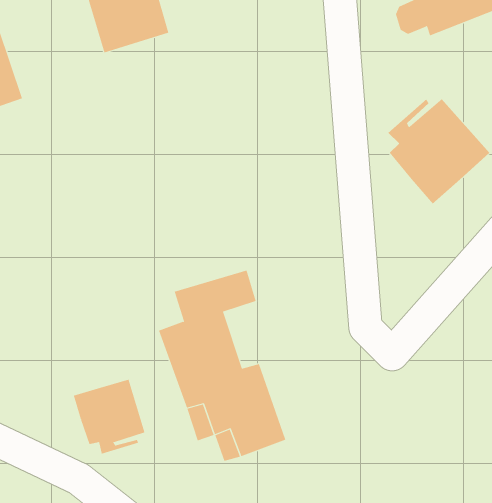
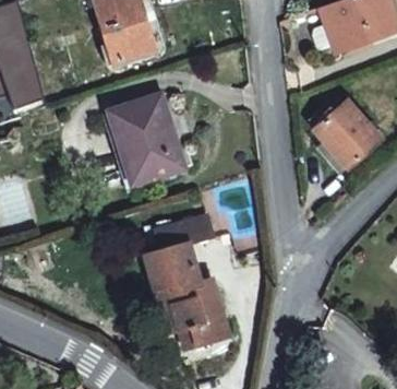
building: none -> [105,95,182,180]
building: [73,379,145,454] -> none

